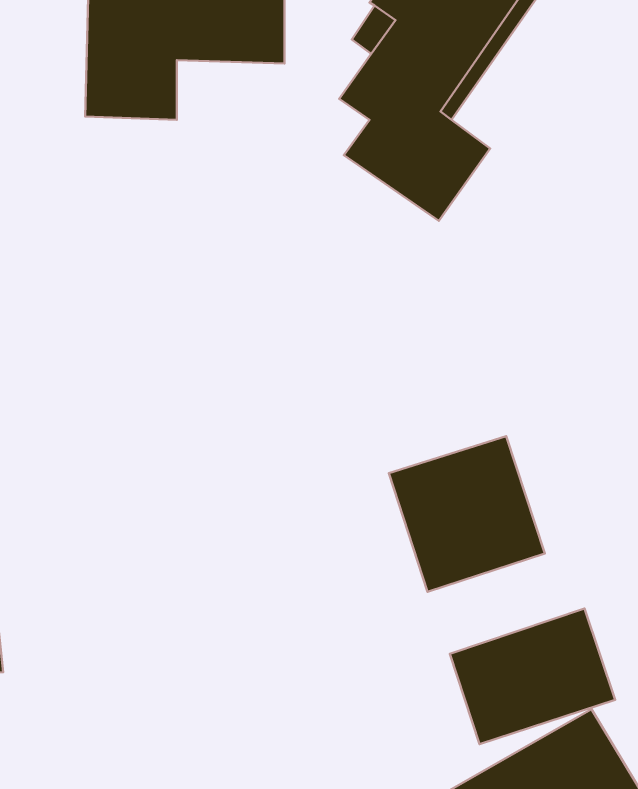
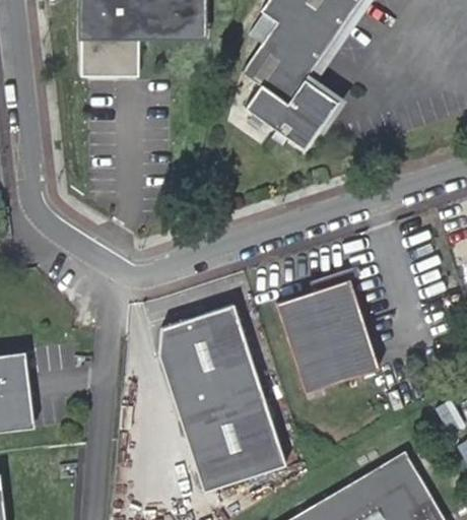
building: none -> [159,305,285,493]
building: [450,609,615,744] -> none

